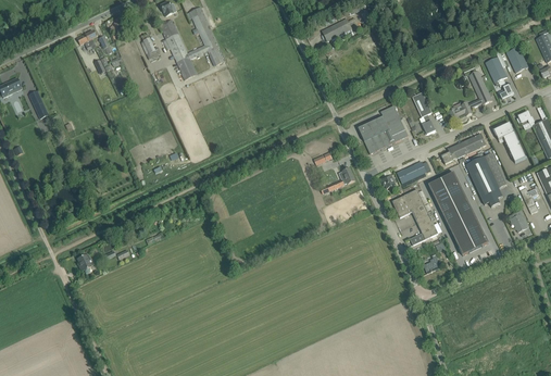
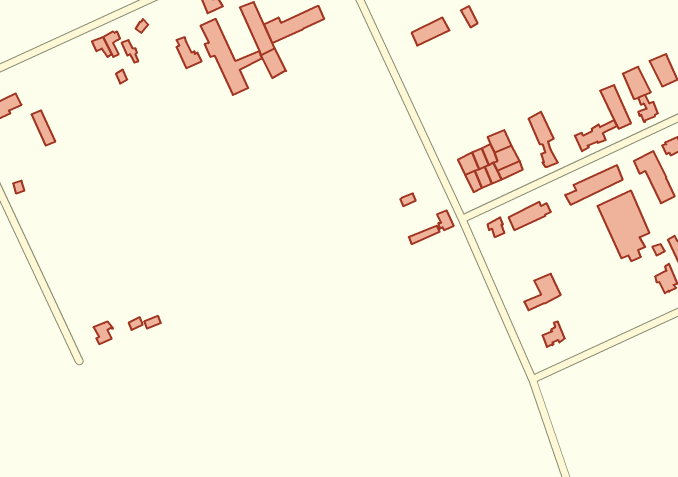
building: none -> [264,6,324,43]
building: [427,172,487,254] -> none
building: [391,189,429,222] -> none

